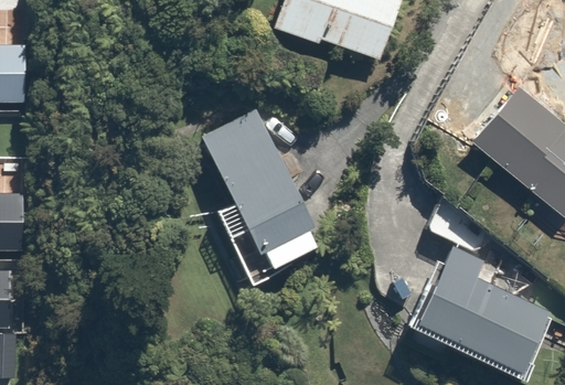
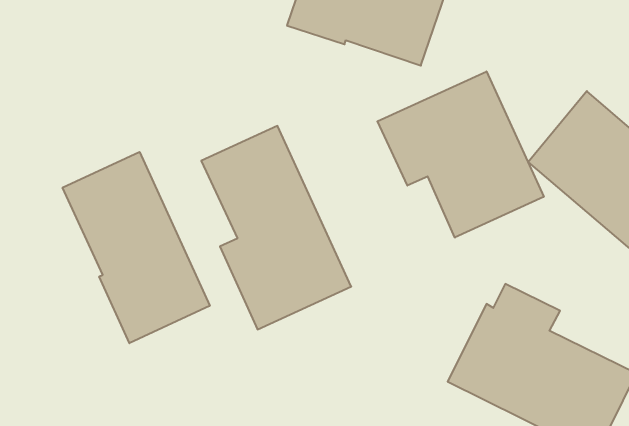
building: none -> [377,71,544,238]
building: none -> [63,152,210,343]

